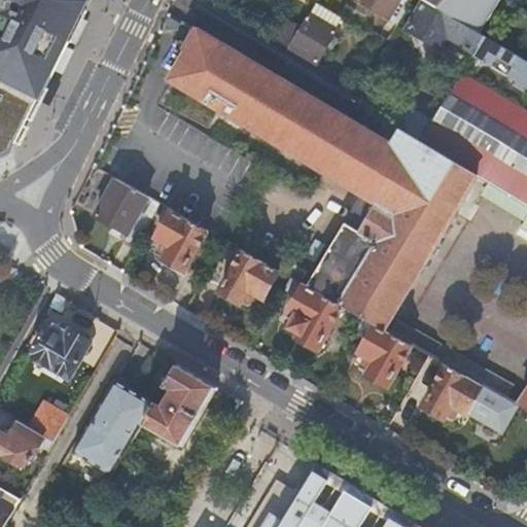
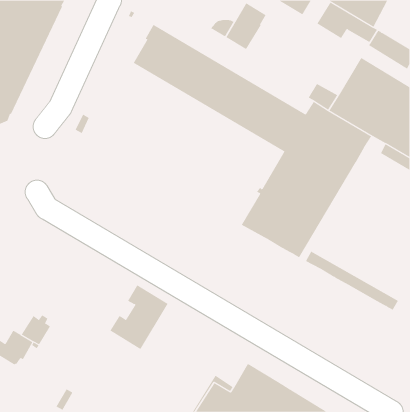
building: [94,179,147,234] -> none
building: [155,210,207,271] -> none
building: [219,250,277,306] -> none
building: [282,277,342,349] -> none
building: [31,322,90,377] -> none
building: [358,324,410,385] -> none
building: [423,364,516,432] -> none
building: [70,380,151,475] -> none

